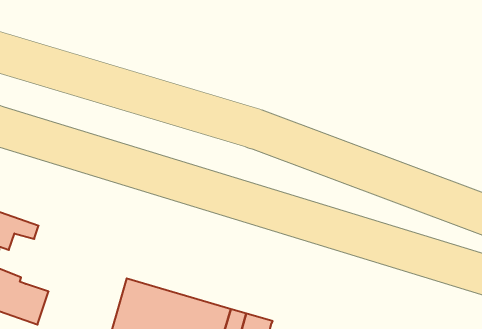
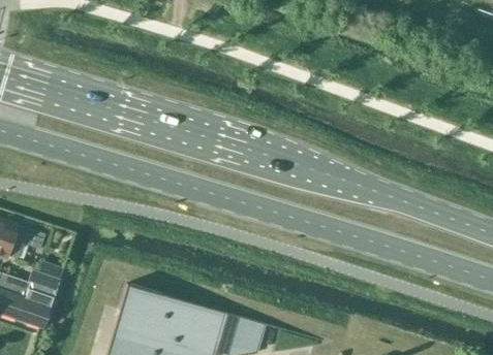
building: none -> [28,269,61,296]

